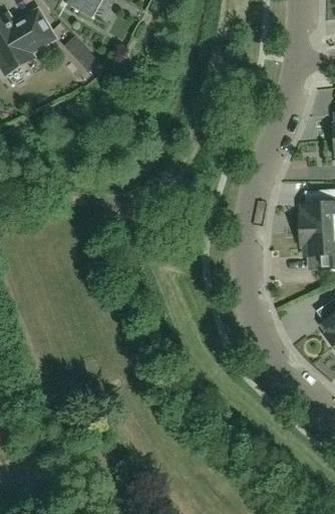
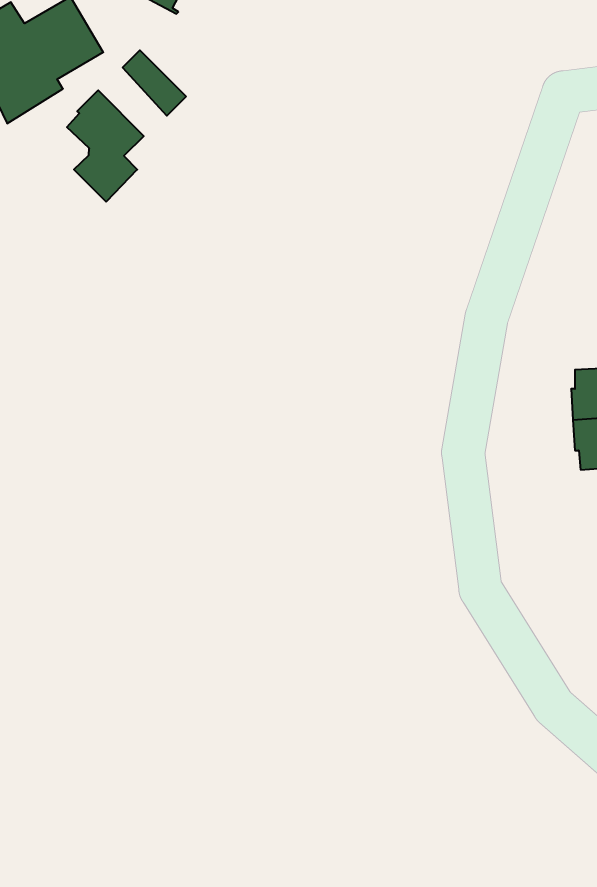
building: none -> [67,90,144,202]

